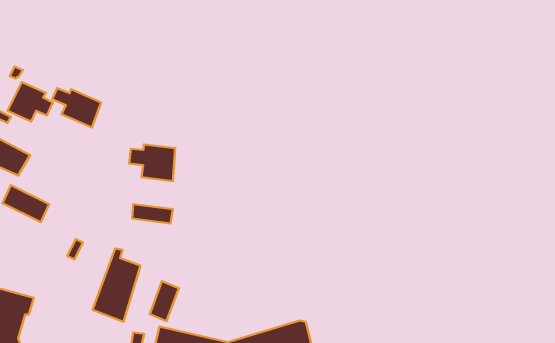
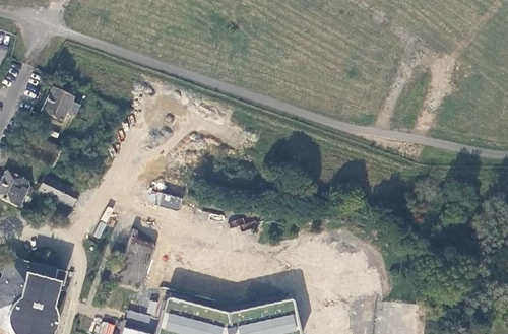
building: [52,88,101,128] -> none
building: [129,145,175,181] -> none
building: [150,281,179,321] -> none

